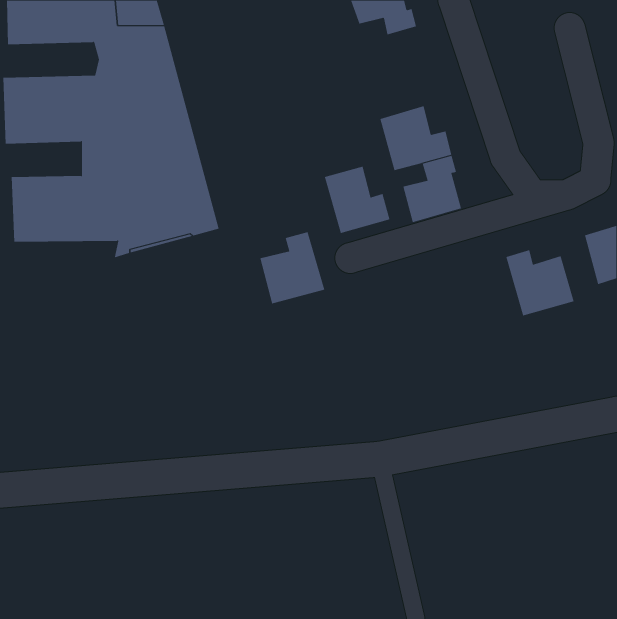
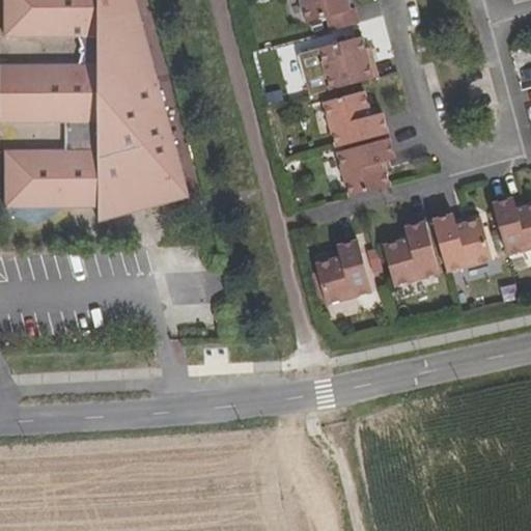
building: none -> [318,36,372,89]
building: [324,166,390,234] -> none
building: [260,232,325,304] -> [316,241,372,303]
building: none -> [373,225,425,278]

